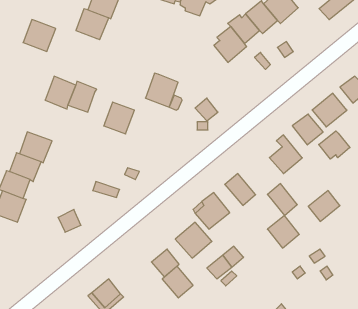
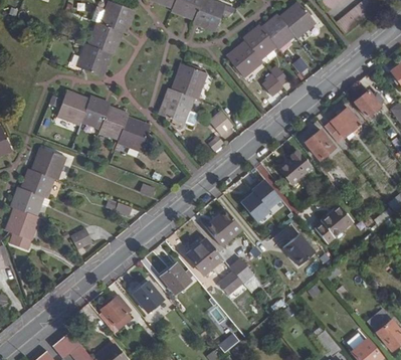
building: [23,20,56,51] -> [74,44,108,76]
building: none -> [170,64,203,99]
building: none -> [96,108,125,139]
building: [319,131,350,159] -> none
building: [267,184,297,215] -> [249,177,279,209]
building: [162,266,193,298] -> [133,282,164,314]

